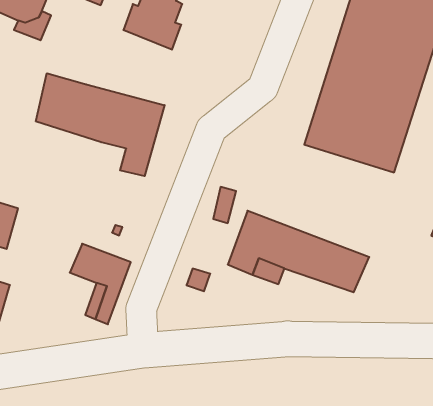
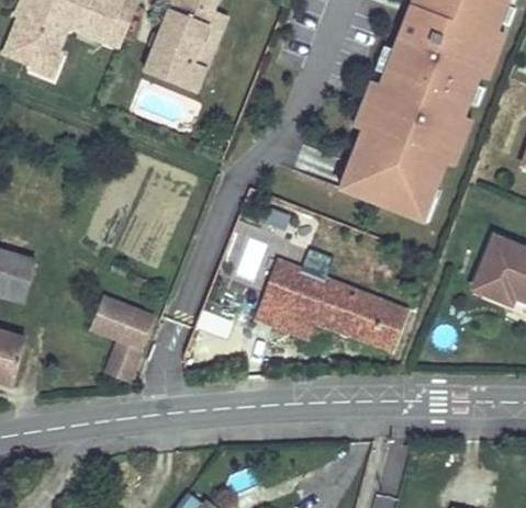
building: [36,73,165,176] -> none

